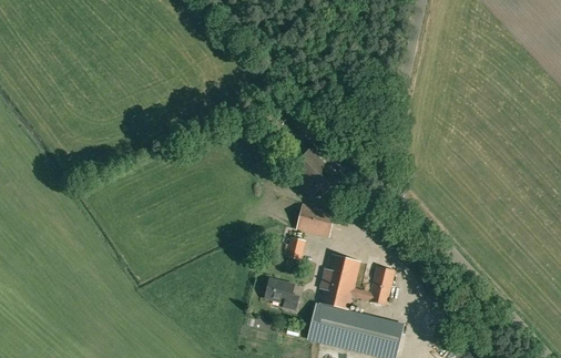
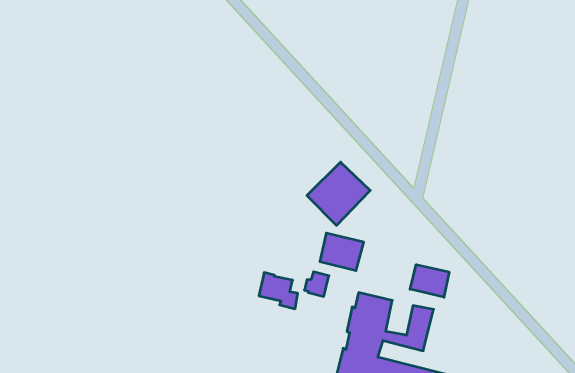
building: none -> [410,265,449,297]
building: [264,278,297,309] -> [259,273,298,309]

